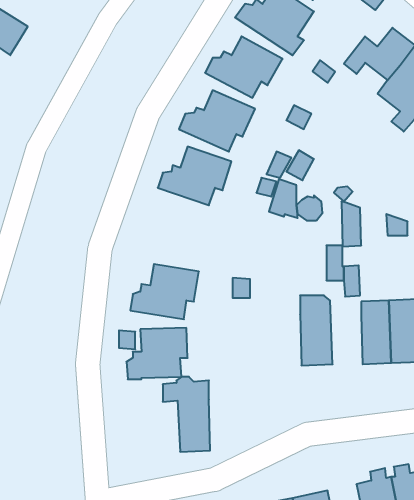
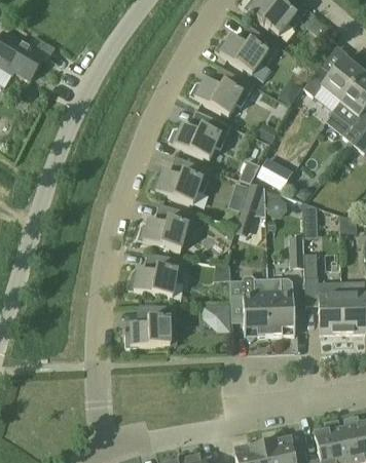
building: none -> [138,204,197,252]
building: none -> [203,305,230,332]
building: [163,377,210,452] -> [230,275,269,337]

